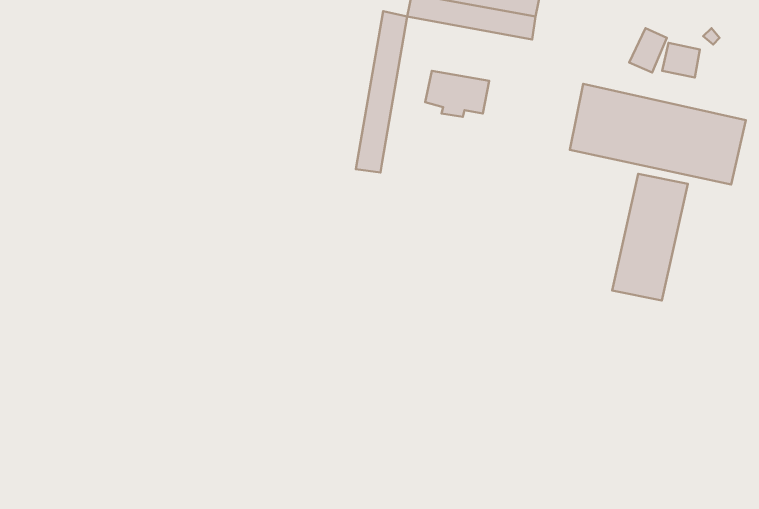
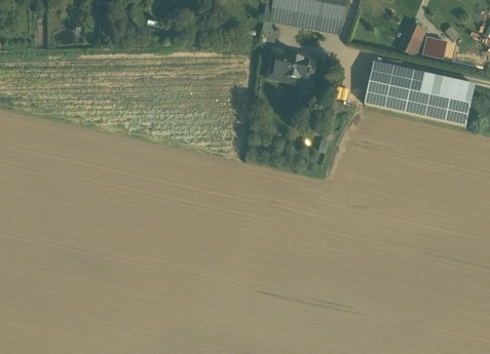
building: [356,11,407,172] -> none
building: [612,174,688,301] -> none

